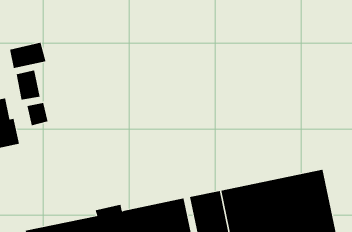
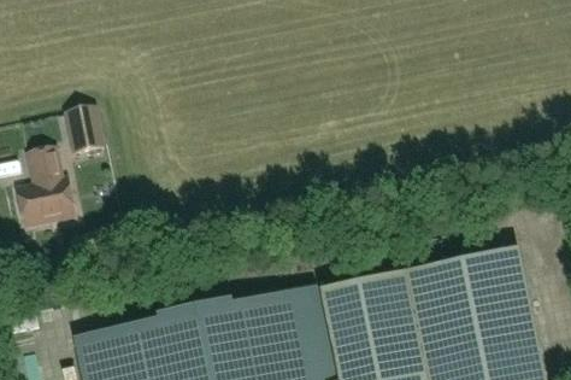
building: [10,42,46,69] -> none
building: [27,102,48,126] -> none

